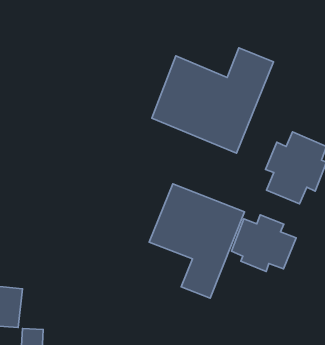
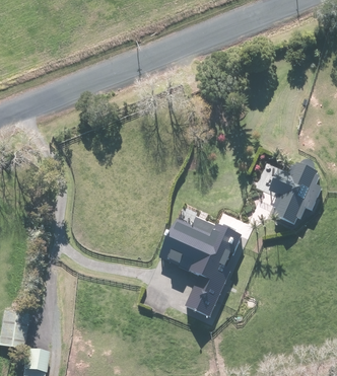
building: [152,48,273,153] -> none
building: [231,215,296,272] -> none

